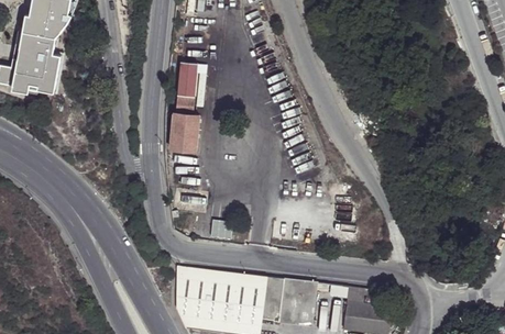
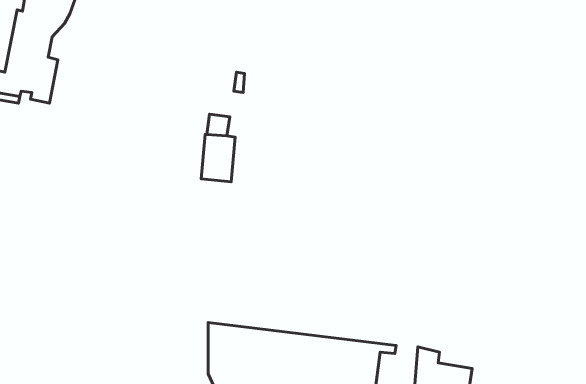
building: [177,62,198,97] -> none

